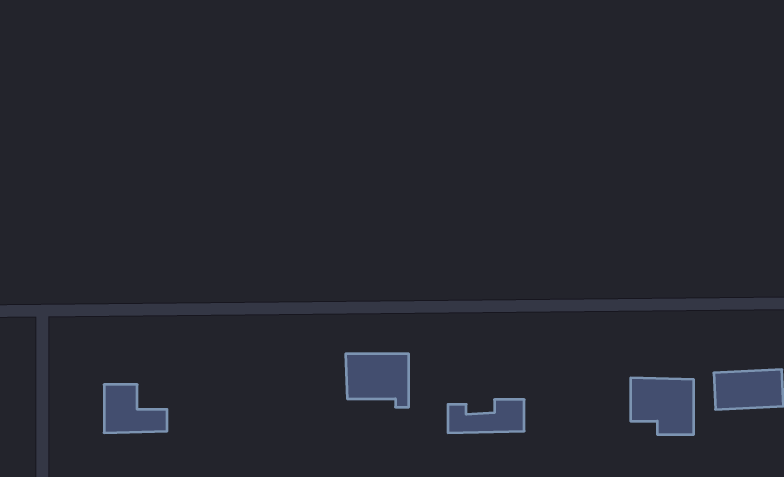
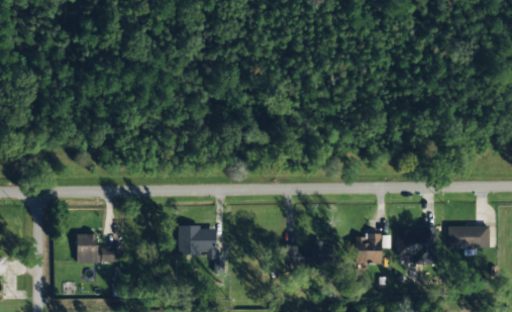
building: [346,354,409,407] -> [178,227,216,259]
building: none -> [354,233,382,264]

